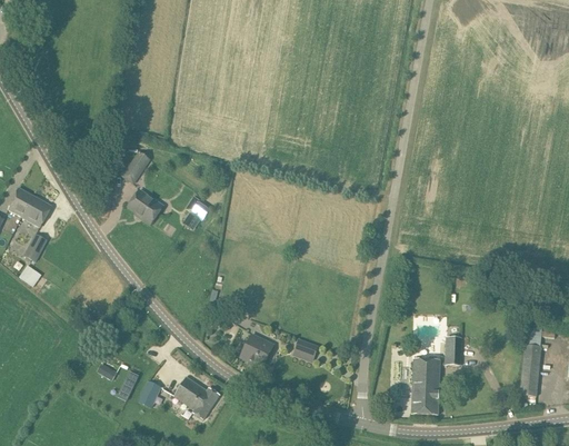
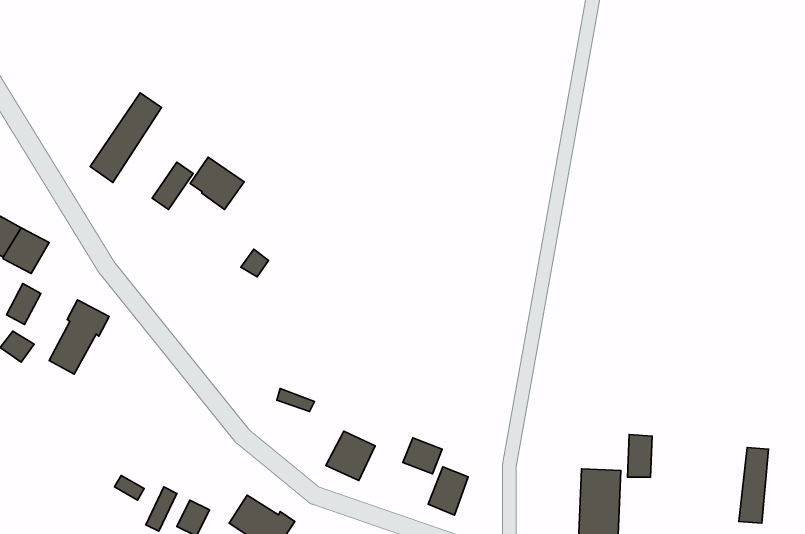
building: none -> [90,93,161,182]
building: [127,188,163,224] -> [190,157,244,210]
building: none -> [49,300,109,374]
building: none -> [428,467,468,515]

